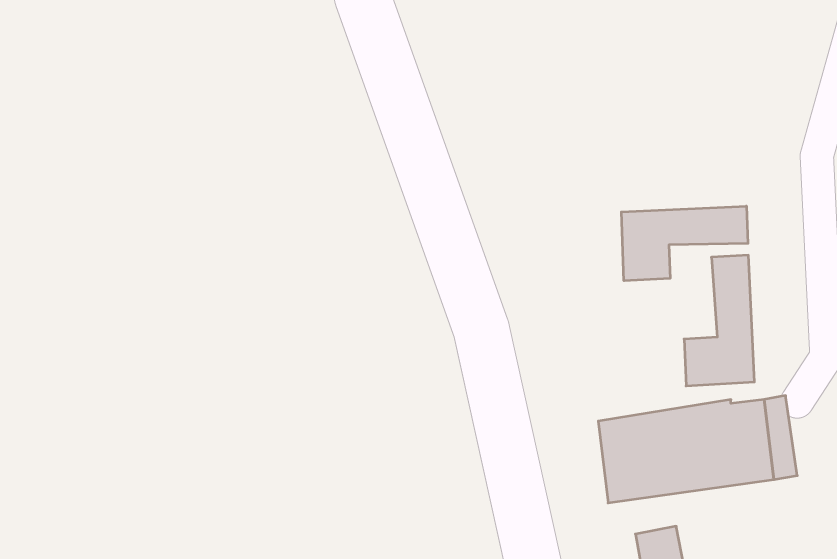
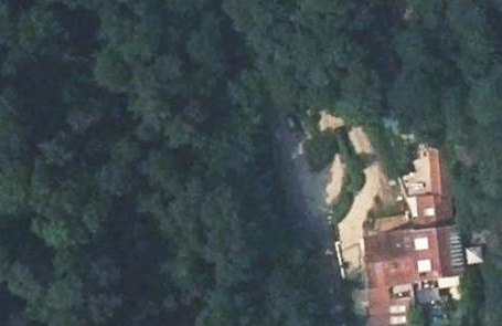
building: [621,206,748,281] -> none

